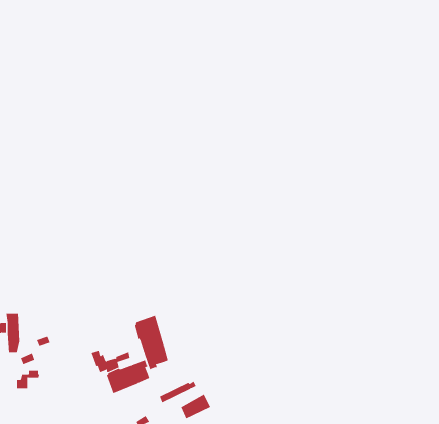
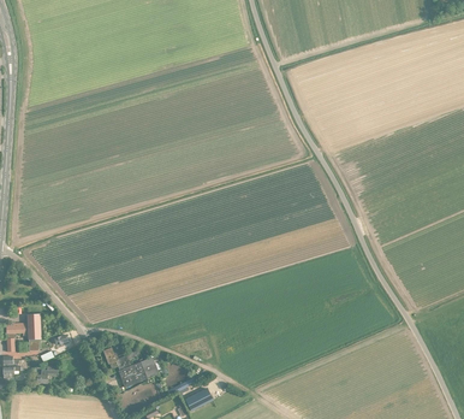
building: [134,315,168,370] -> none

